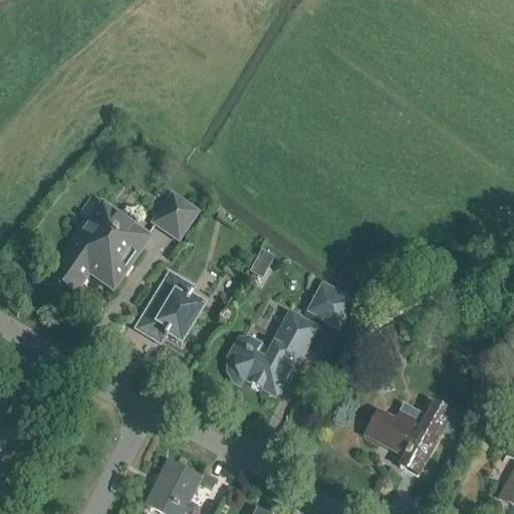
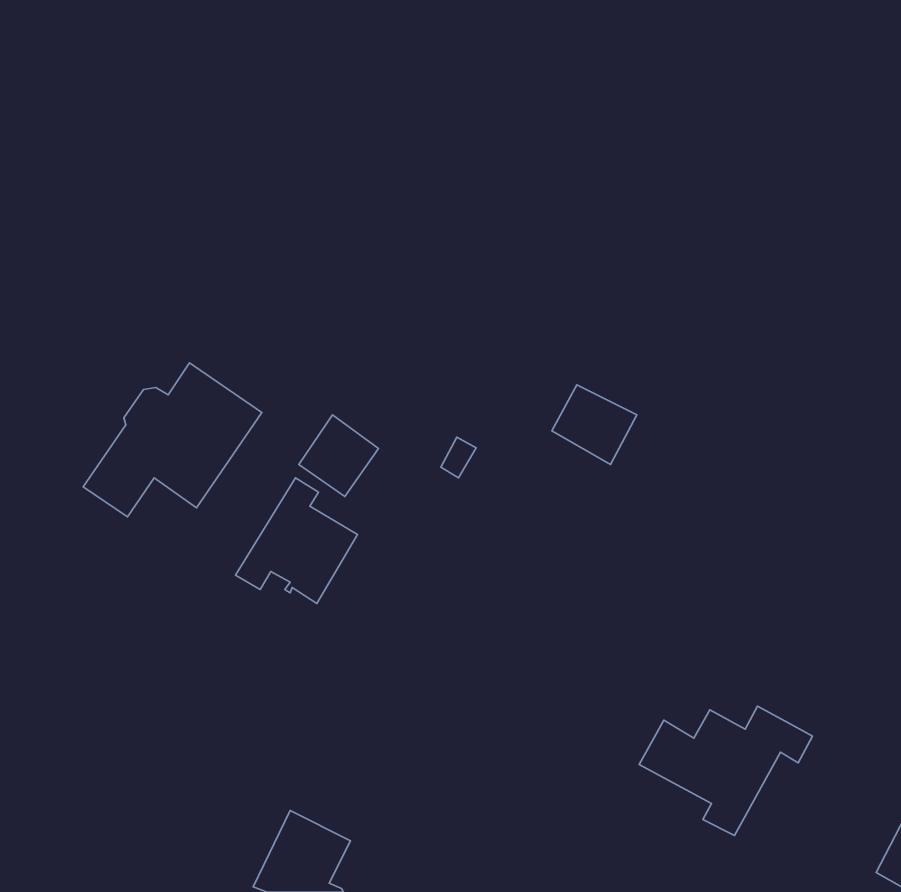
building: [153,193,198,239] -> [299,415,378,496]
building: [308,284,356,329] -> [552,385,637,464]
building: [229,311,318,396] -> none

